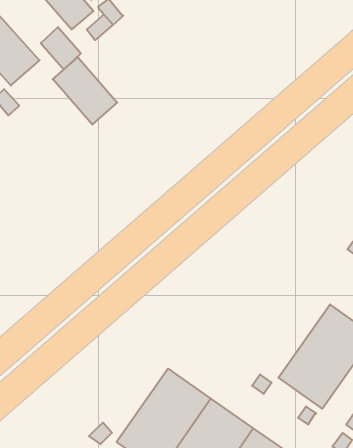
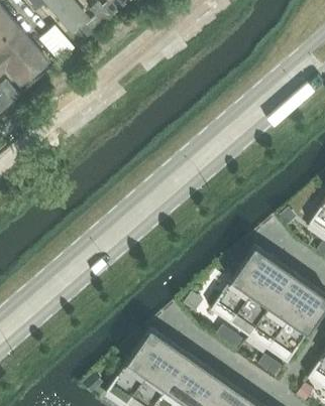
building: [53,57,117,125] -> none
building: none -> [211,247,295,337]

